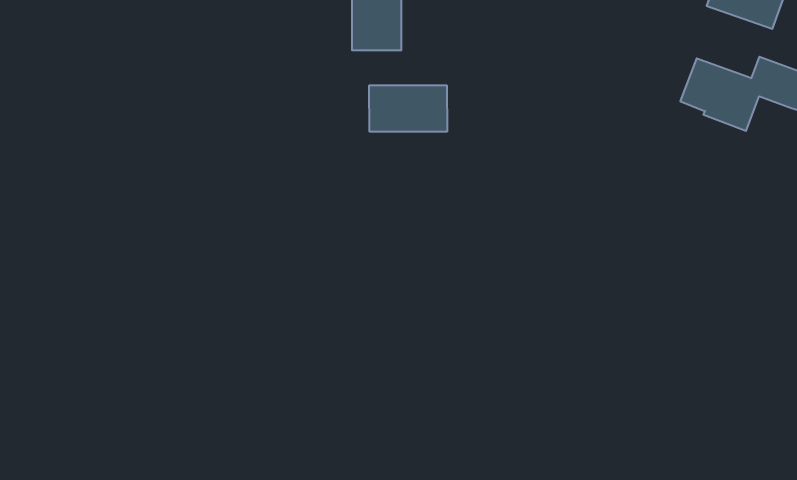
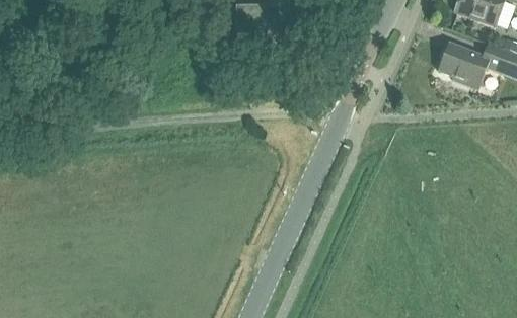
building: [369,85,447,132] -> none

